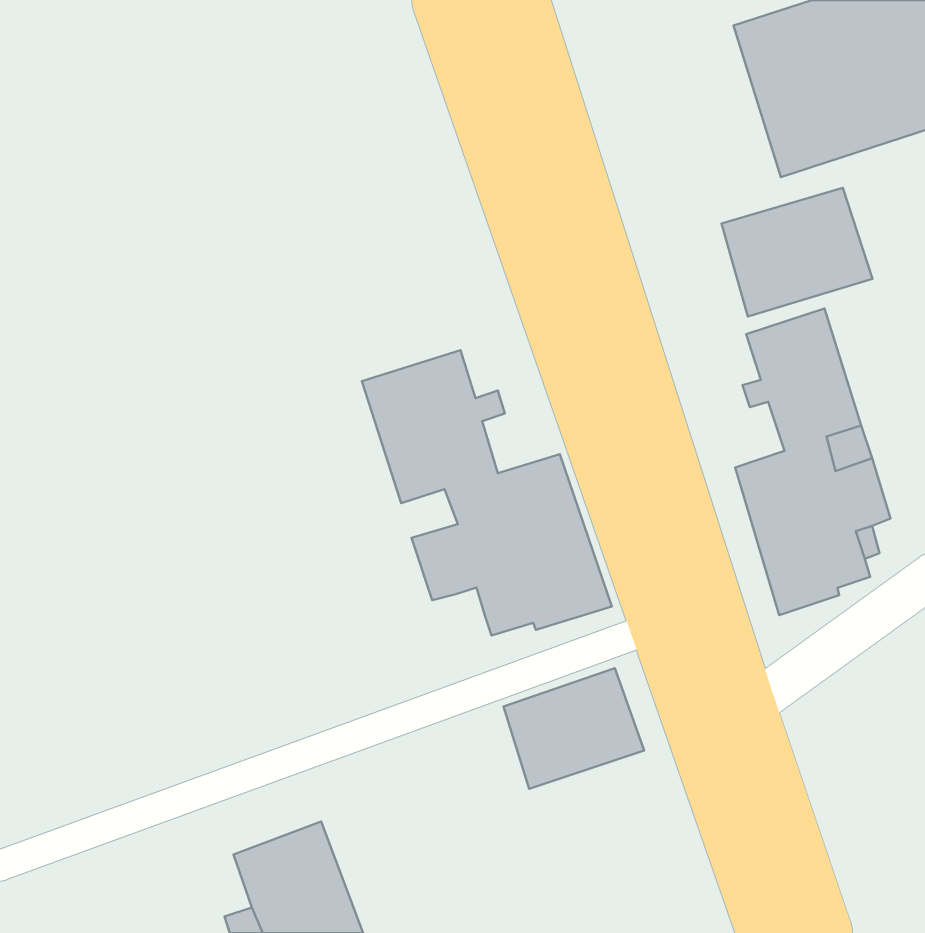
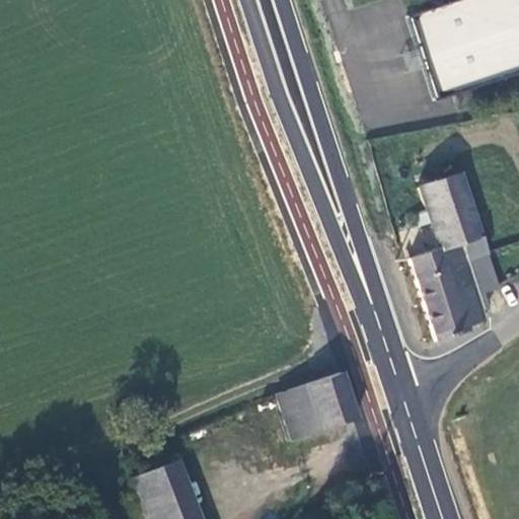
building: [722,188,872,316] -> none
building: [362,350,612,635] -> none

